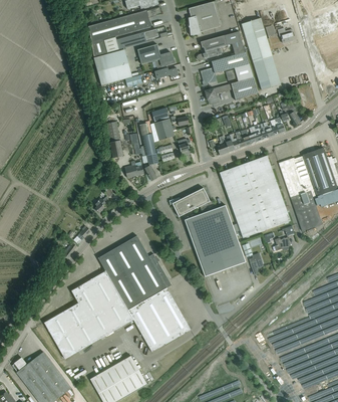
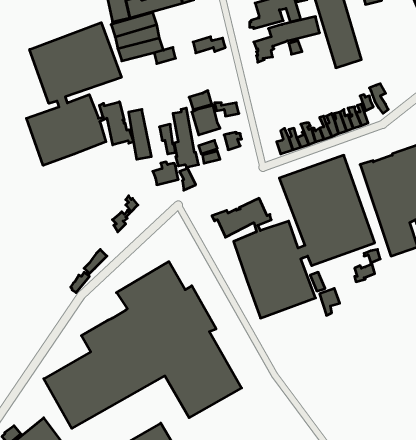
building: [137,43,175,66] -> none
building: none -> [26,23,134,165]
building: [205,76,258,105] -> none

